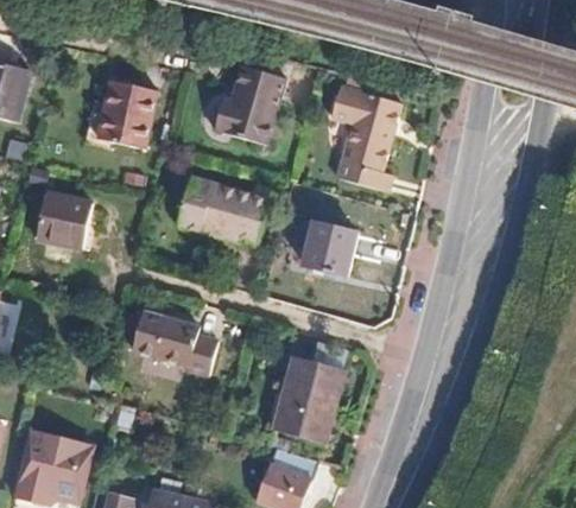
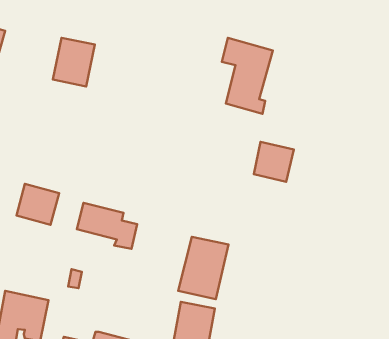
building: [214,63,285,142] -> none
building: [175,176,272,242] -> none
building: [36,191,95,248] -> [16,184,59,225]
building: [300,218,356,274] -> [254,142,294,182]

